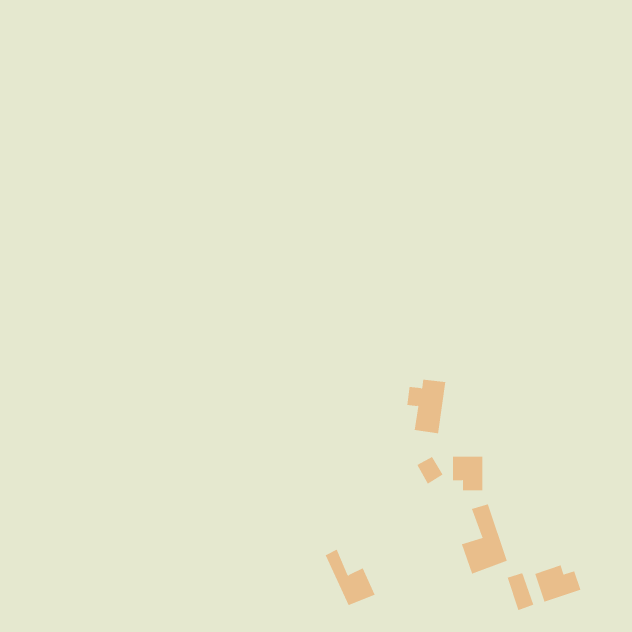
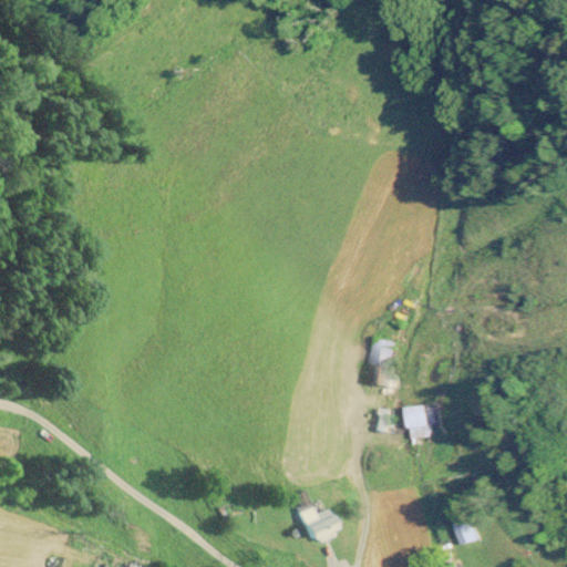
building: [461,503,508,575] -> none
building: [535,565,581,602] -> none

